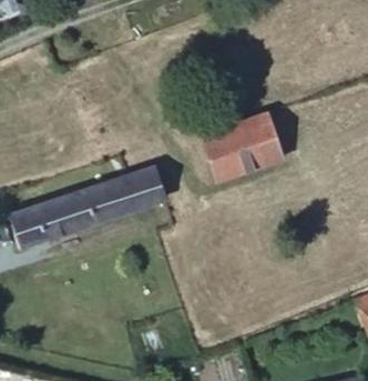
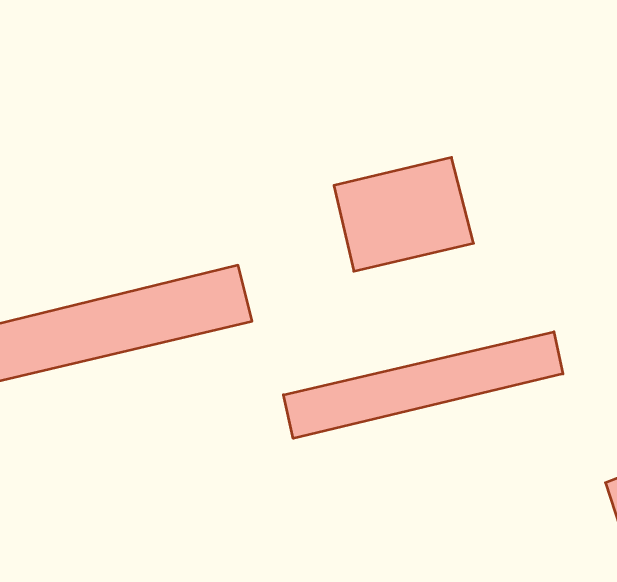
building: none -> [283,332,563,438]

